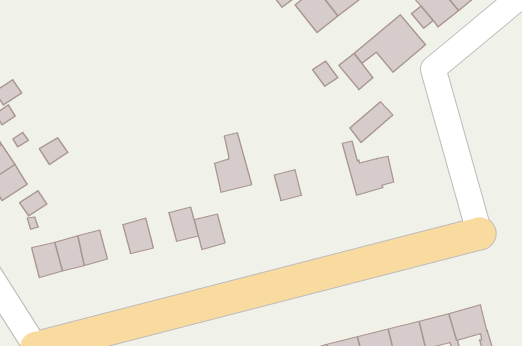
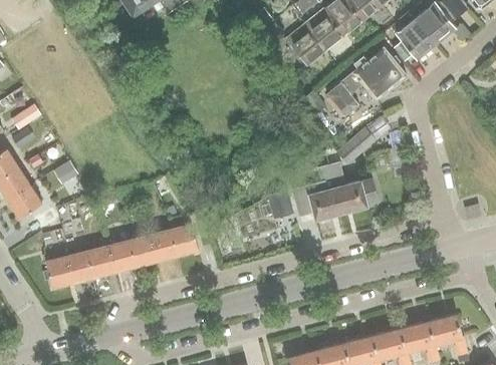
building: [214,133,252,192] -> [308,165,342,220]
building: [194,214,225,249] -> [150,229,178,261]
building: none -> [107,240,136,271]

